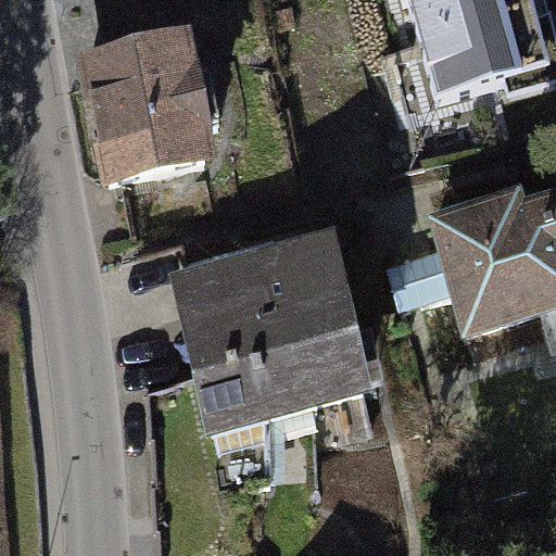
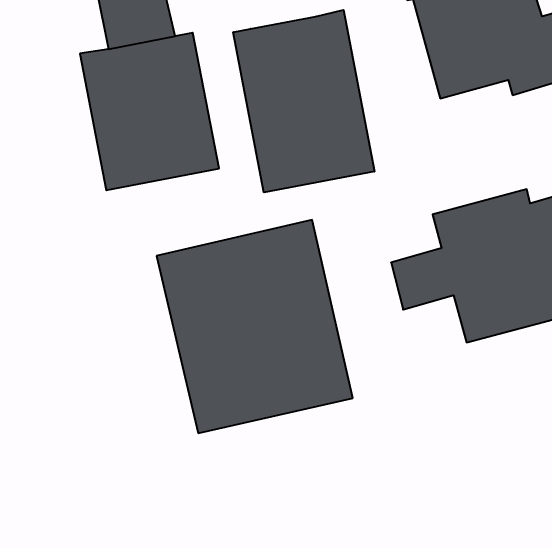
building: none -> [233,10,374,192]

